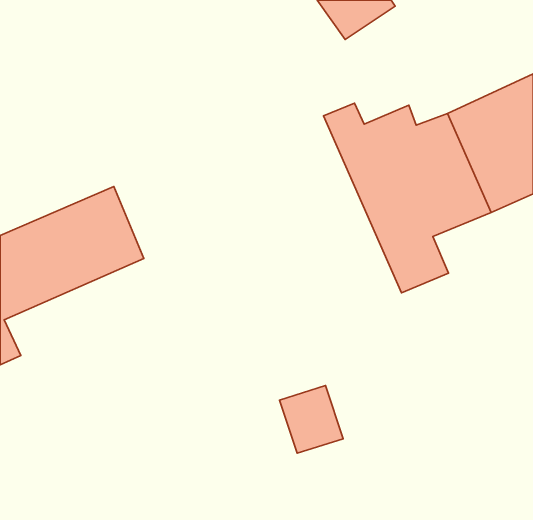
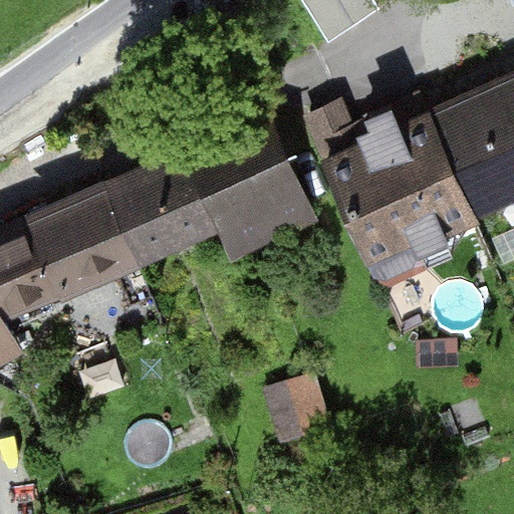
building: none -> [109,123,313,261]

